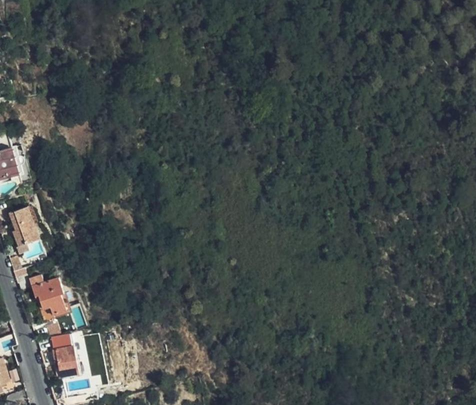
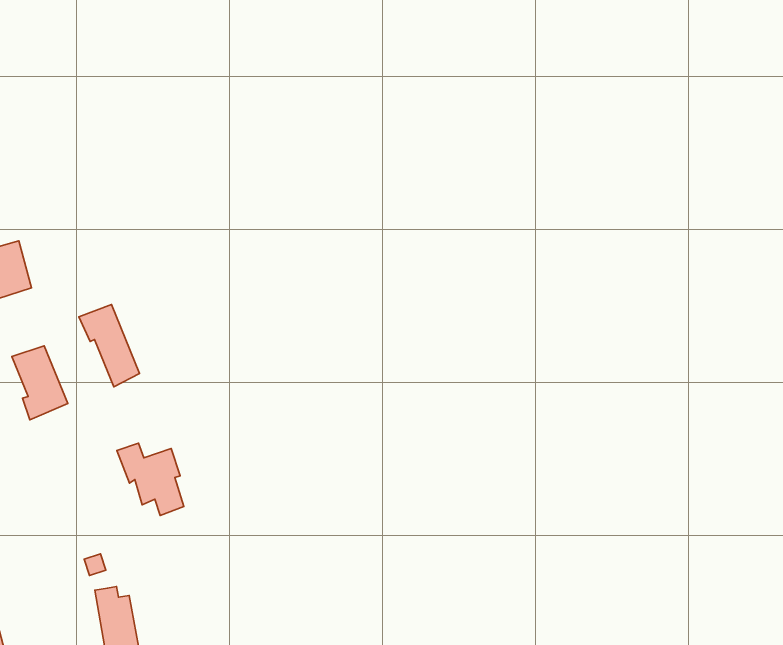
building: none -> [79,304,140,387]
building: [28,275,65,315] -> [117,443,184,516]

